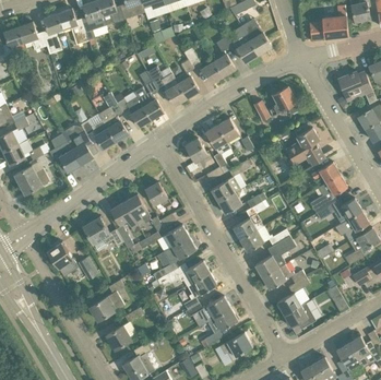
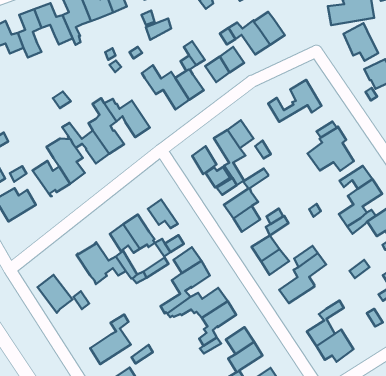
building: none -> [343,23,378,61]
building: [133,78,163,120] -> none
building: [262,264,306,289] -> none

